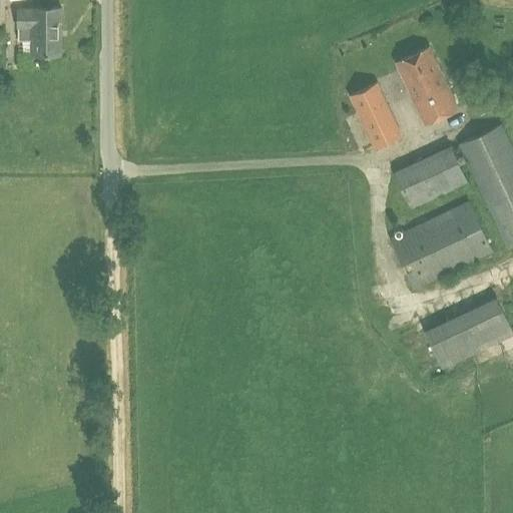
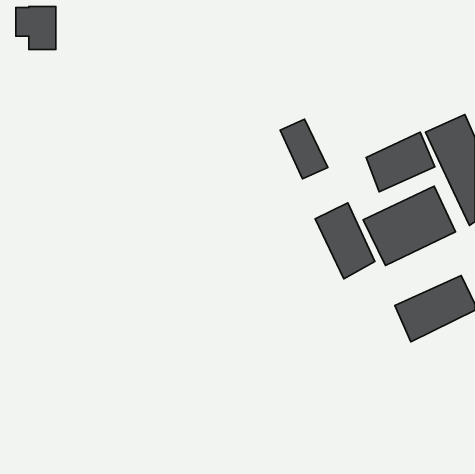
building: [395,48,457,124] -> none
building: [350,84,401,148] -> [280,119,328,179]
building: none -> [315,203,375,279]

